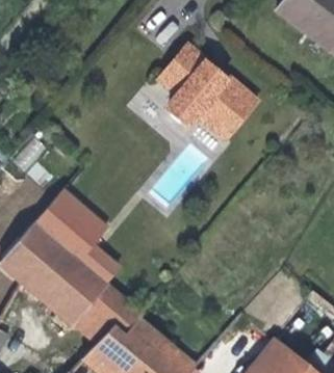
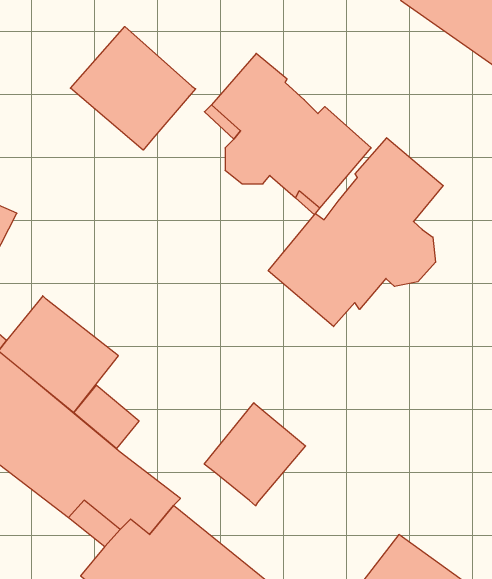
building: none -> [70,27,196,150]
building: none -> [268,138,443,327]
building: none -> [204,403,306,506]

